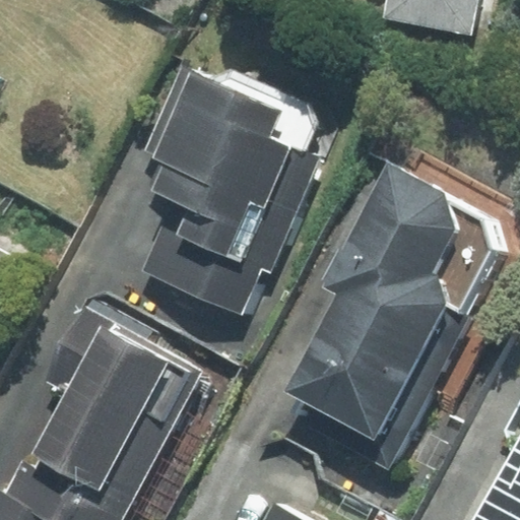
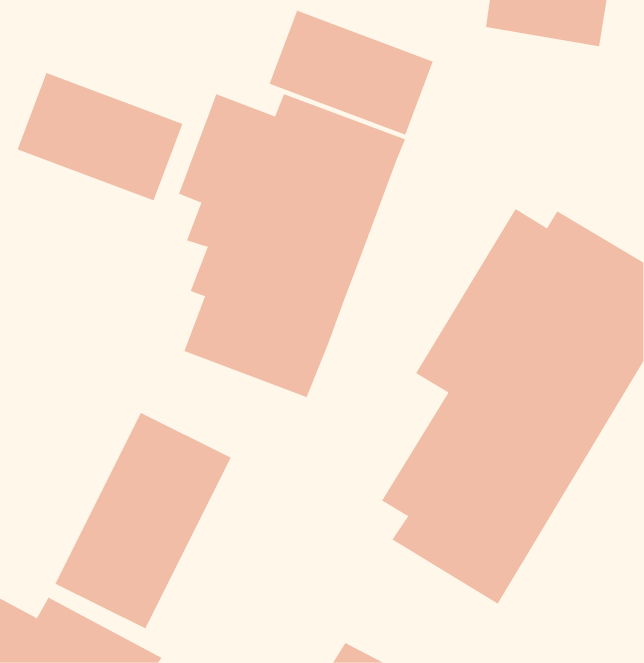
building: none -> [269,10,433,135]
building: none -> [17,72,183,201]

